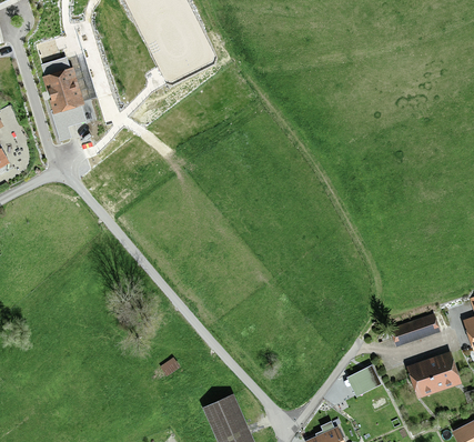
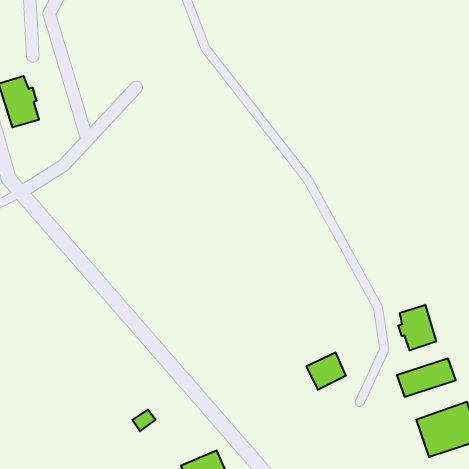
building: none -> [398,305,436,350]
building: [346,364,381,396] -> [306,353,346,390]

